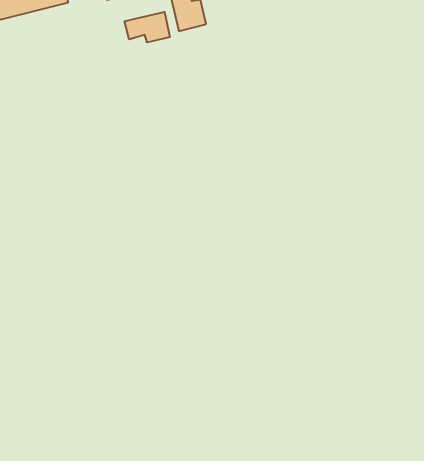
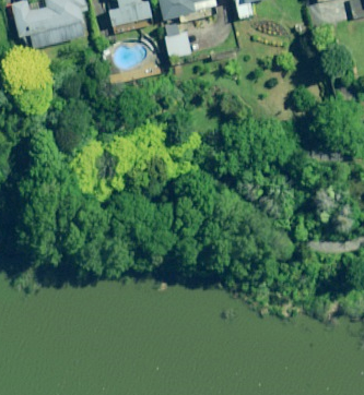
building: [125,12,170,42] -> none

